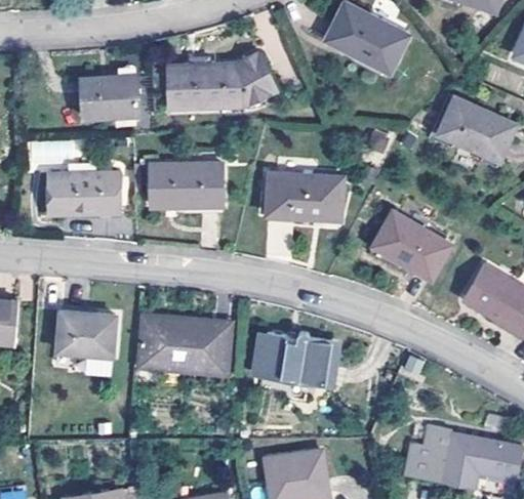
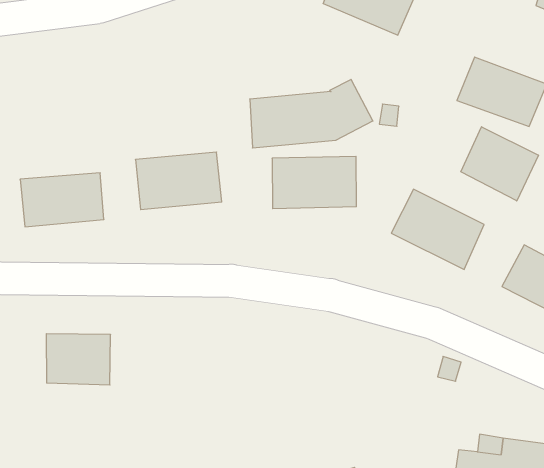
building: [167,53,275,107] -> [250,79,373,148]
building: [82,76,136,117] -> none
building: none -> [461,127,538,201]
building: [138,315,230,377] -> none
building: [258,331,334,388] -> none

